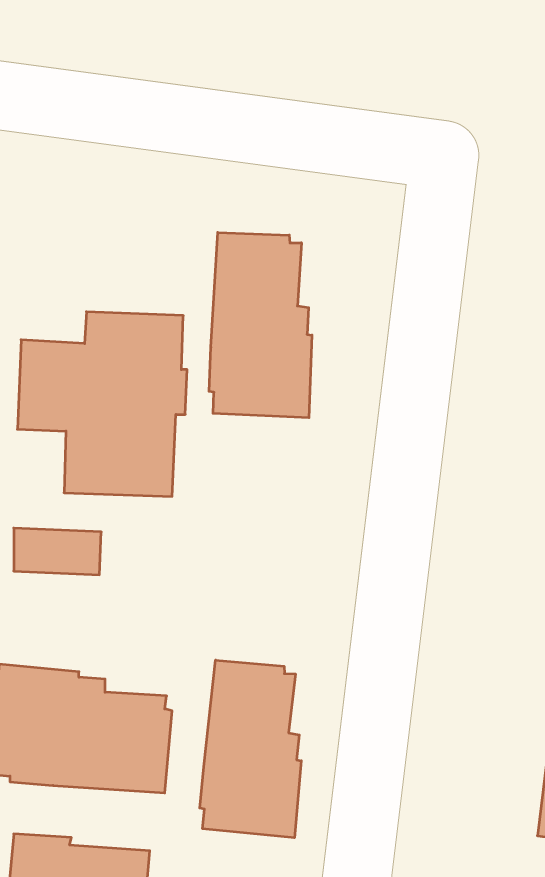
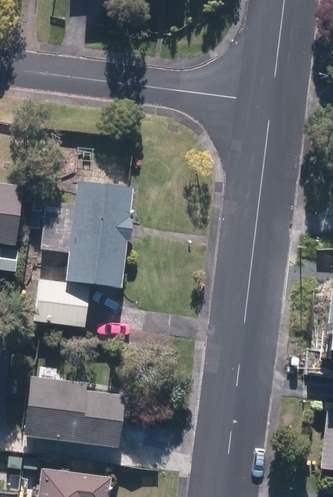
building: [209,232,312,418] -> none
building: [200,660,301,838] -> none

